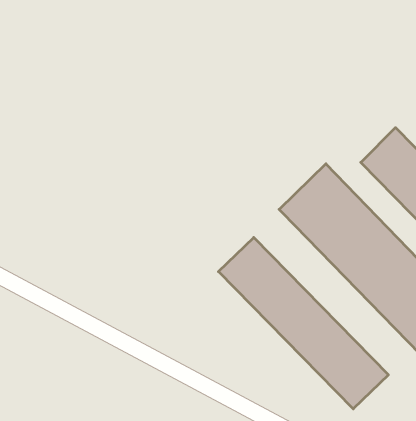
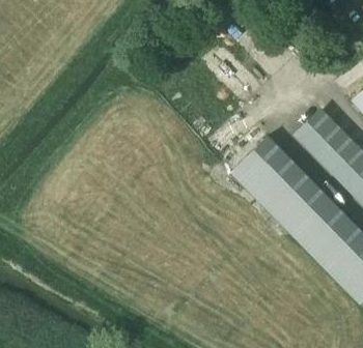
building: [218,237,388,409] -> none

